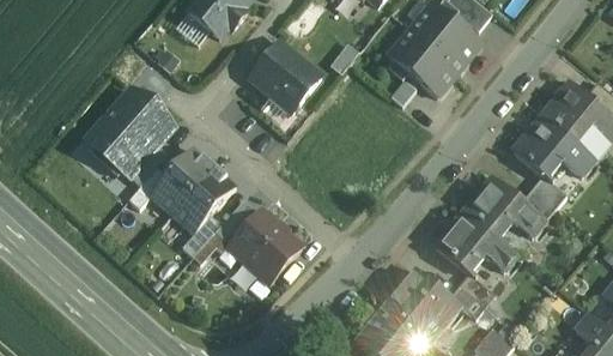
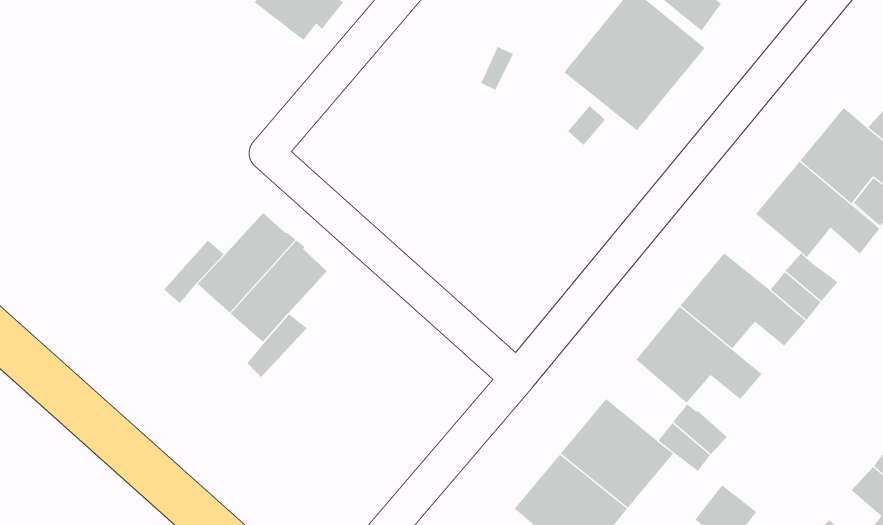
building: [249,42,321,111] -> none
building: [87,90,172,176] -> none
building: [229,210,301,282] -> none

